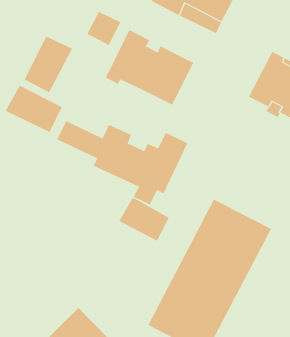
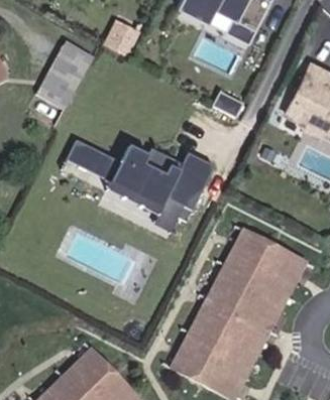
building: [105,29,194,105] -> none
building: [5,85,62,133] -> none
building: [119,197,170,242] -> none

